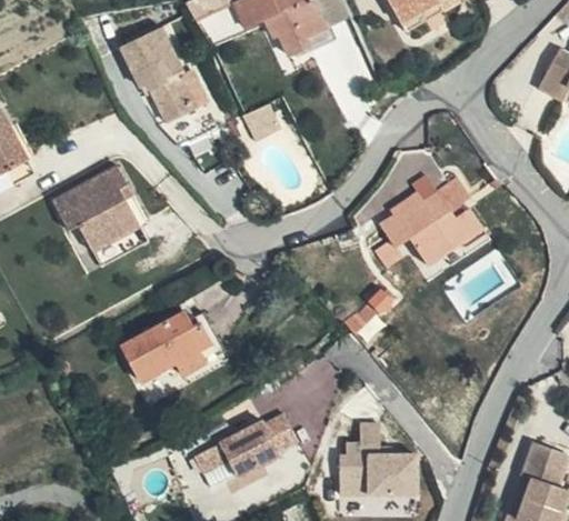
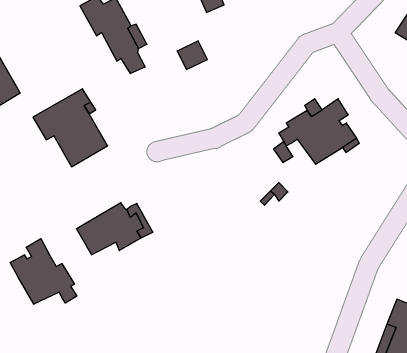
building: none -> [10,239,77,304]
building: [192,417,296,480] -> none
building: [341,420,418,492] -> none

